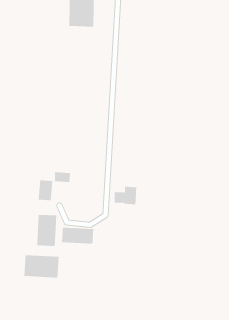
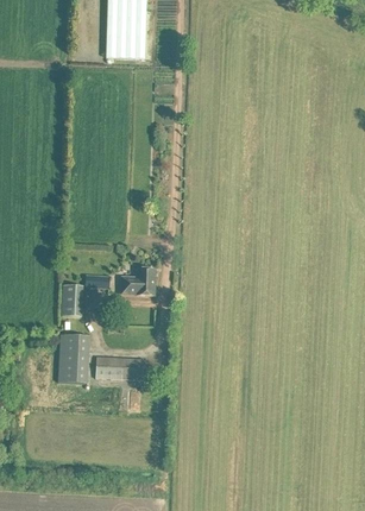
building: [114,186,137,205] -> [120,269,155,296]
building: [24,255,59,278] -> none

